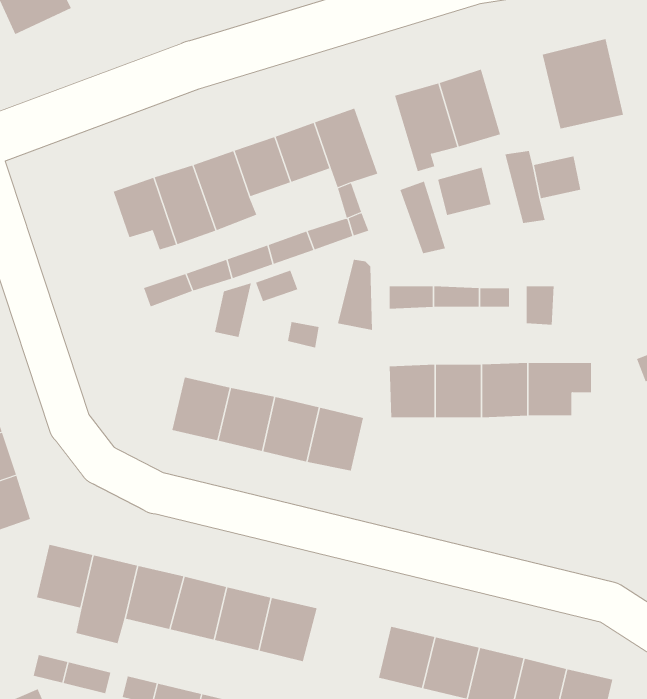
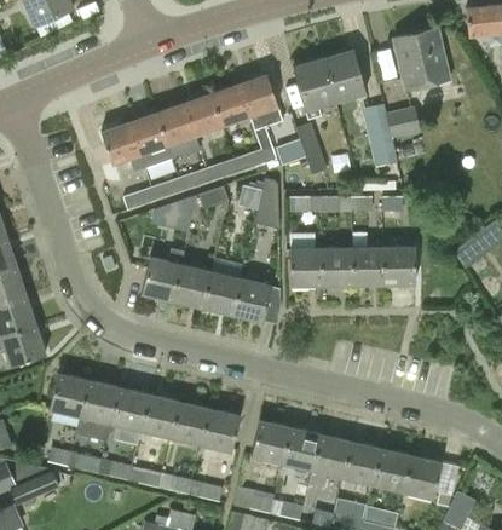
building: [438,167,491,216] -> none
building: none -> [252,420,290,462]

